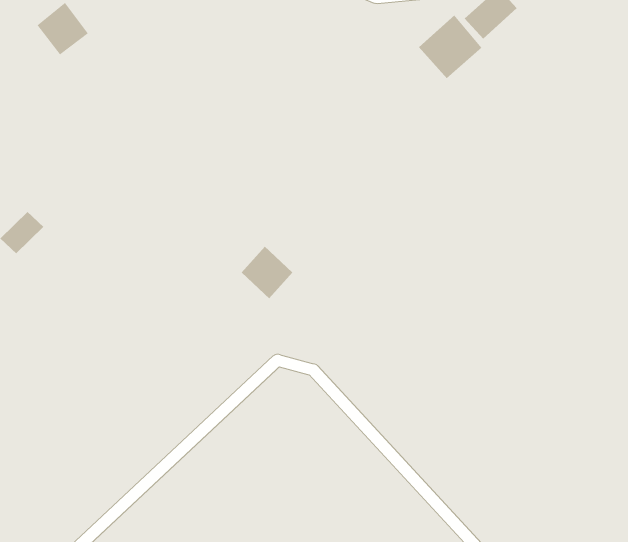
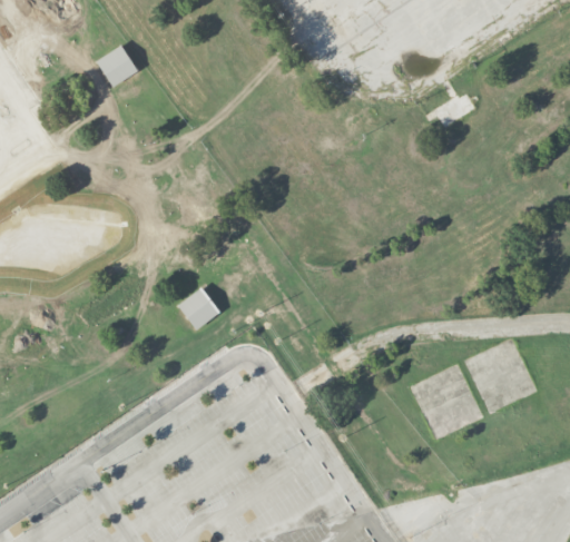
building: [418,15,483,79] -> none
building: [241,246,293,299] -> [178,287,219,329]

